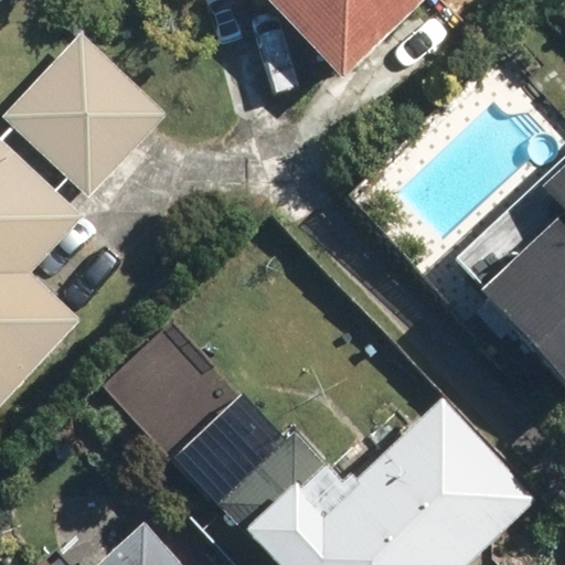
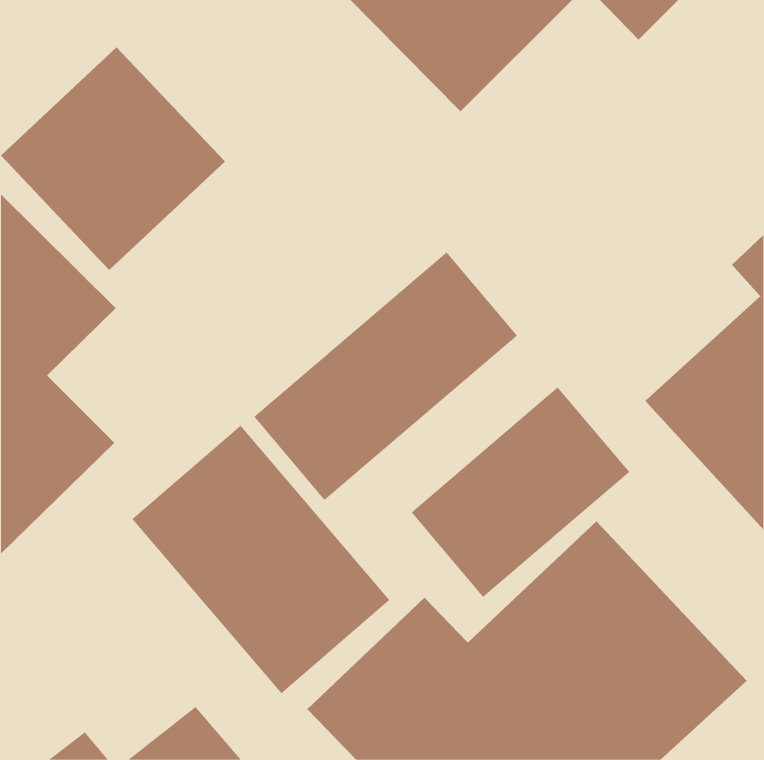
building: none -> [254,251,518,501]
building: none -> [411,387,630,598]

